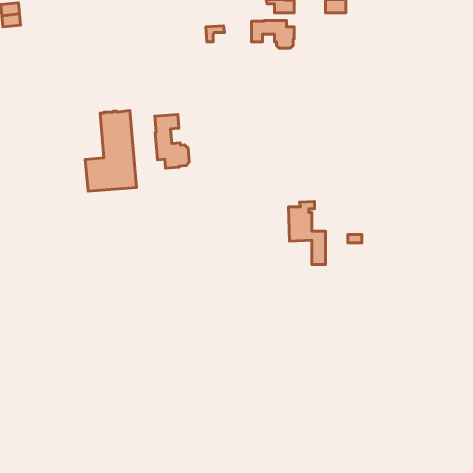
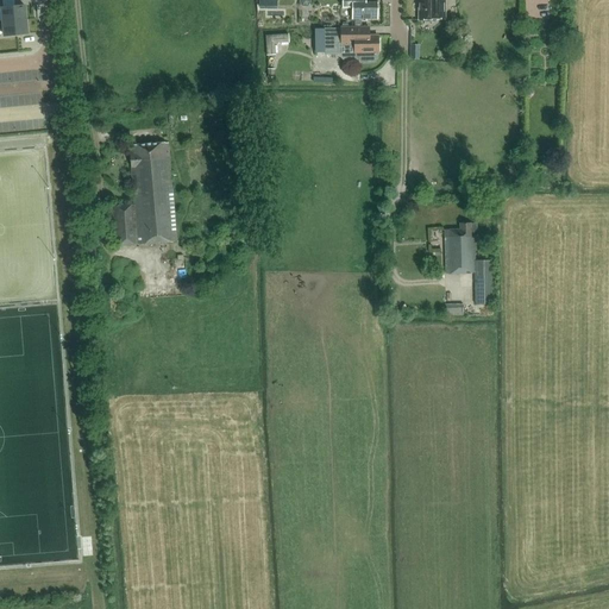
building: [155,114,189,168] -> none
building: [289,201,326,264] -> [444,221,491,302]

